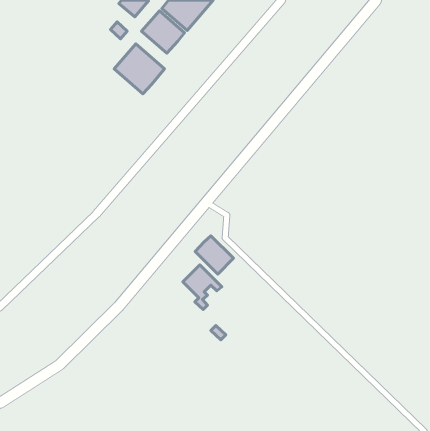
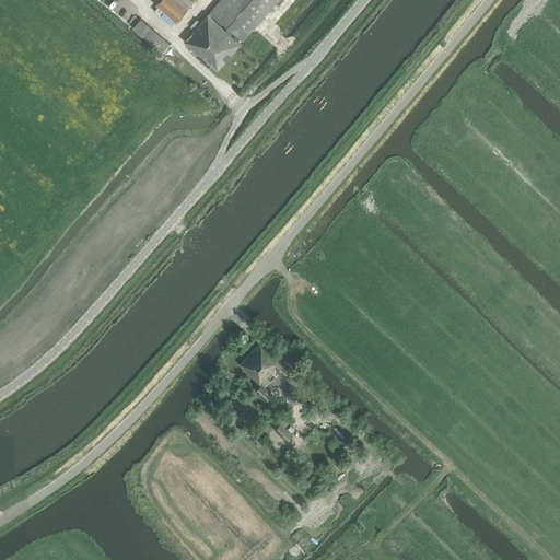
building: [114,44,164,94] -> none
building: [195,236,233,274] -> none

